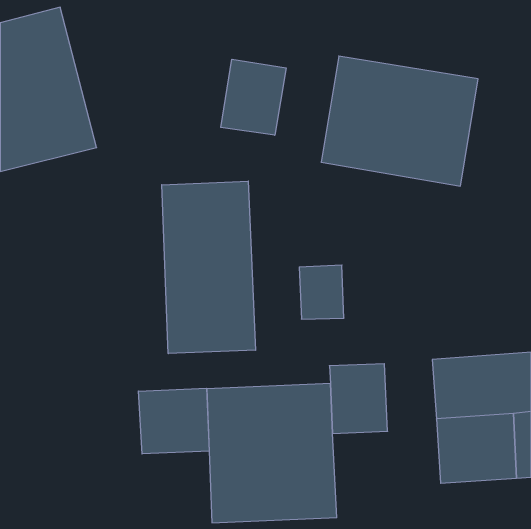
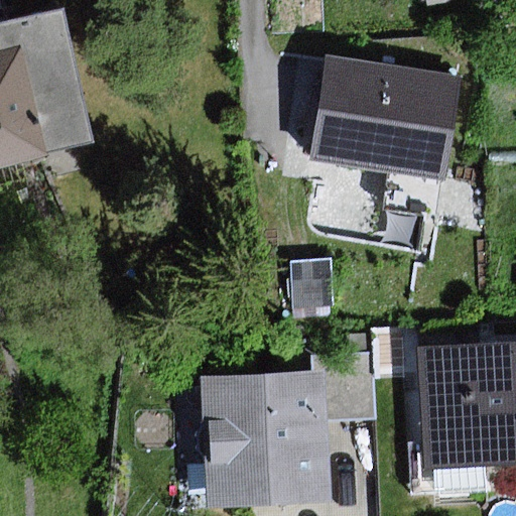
building: [221,59,286,135] -> none
building: [162,181,256,354] -> none
building: [138,388,209,454] -> none

